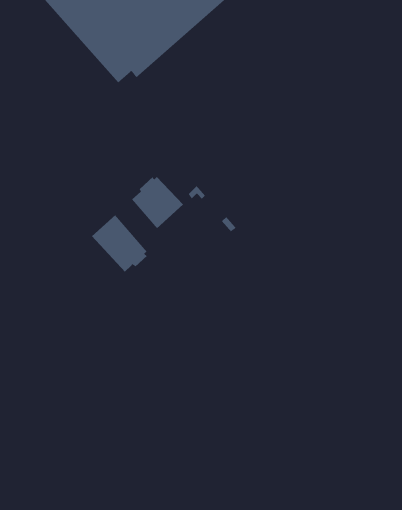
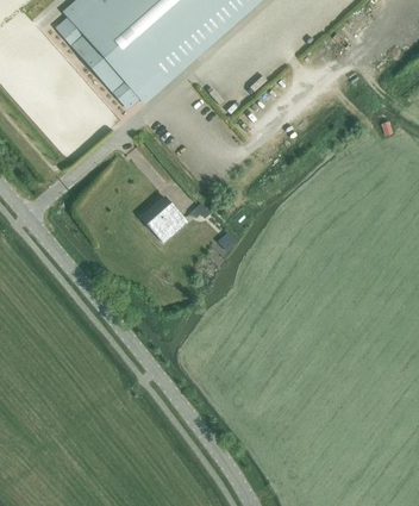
building: [91,214,148,272] -> none

